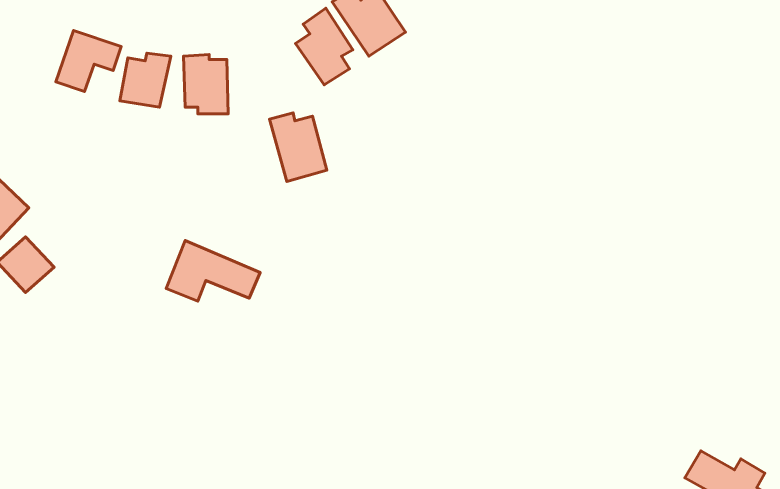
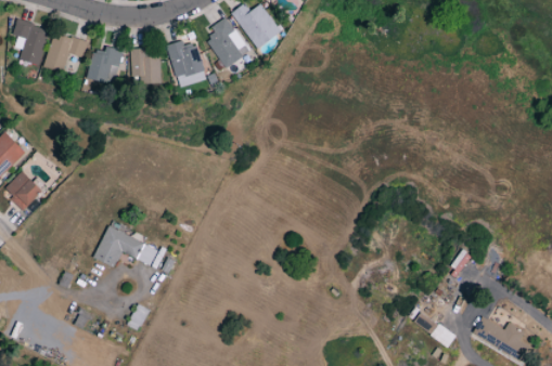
building: none -> [13,18,51,65]
building: [269,113,327,182] -> [168,40,207,87]
building: [166,241,260,301] -> [95,226,159,267]

